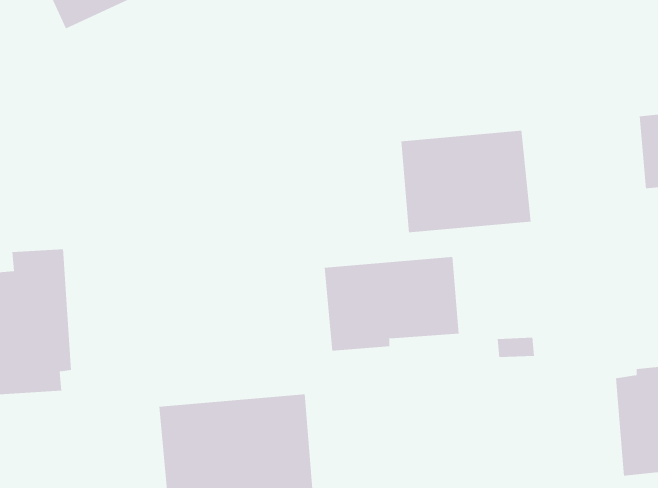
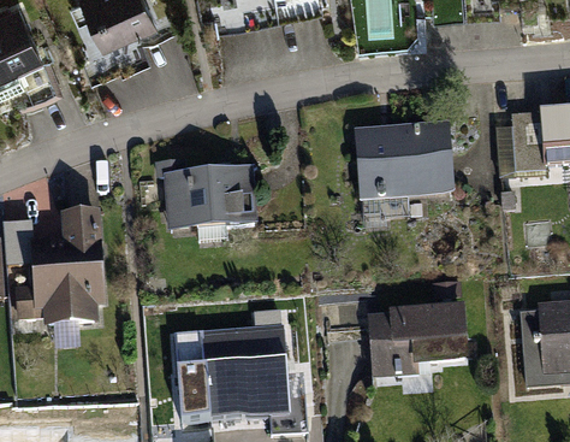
building: none -> [510,113,542,171]
building: none -> [164,170,257,235]
building: [324,257,460,351] -> [367,306,470,378]

